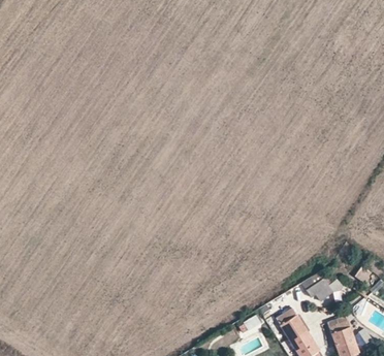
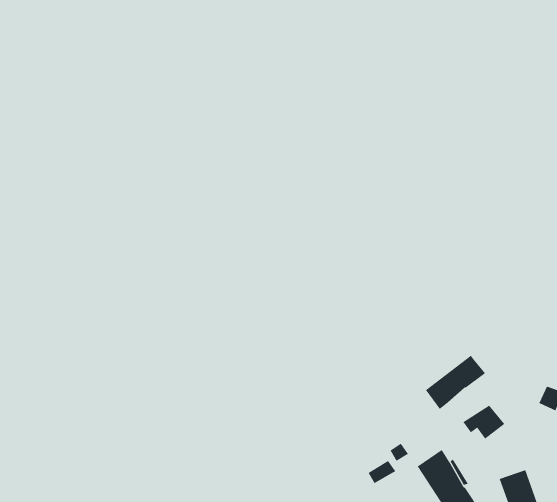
building: none -> [425,355,486,410]

